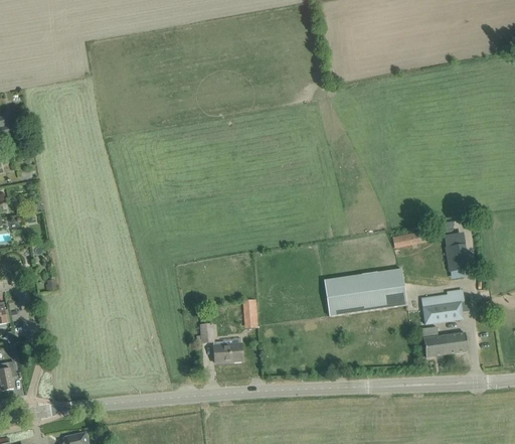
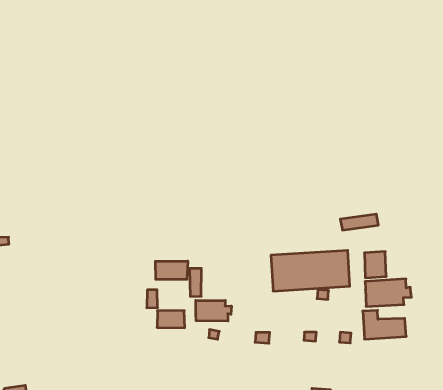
building: [445,243,469,271] -> [364,252,386,278]
building: none -> [155,261,188,279]
building: none -> [196,300,231,321]

